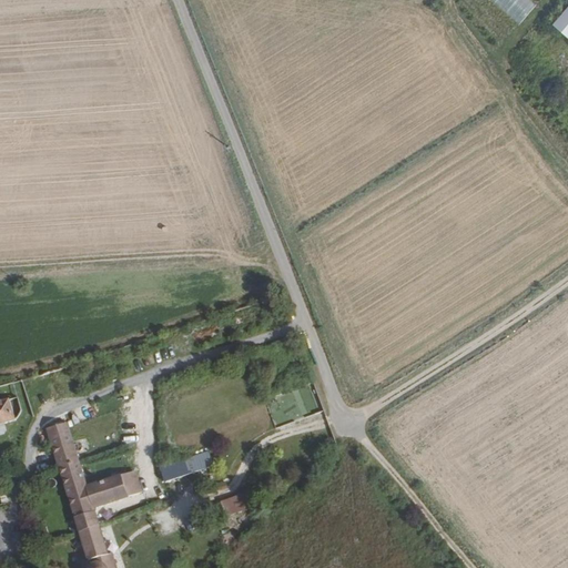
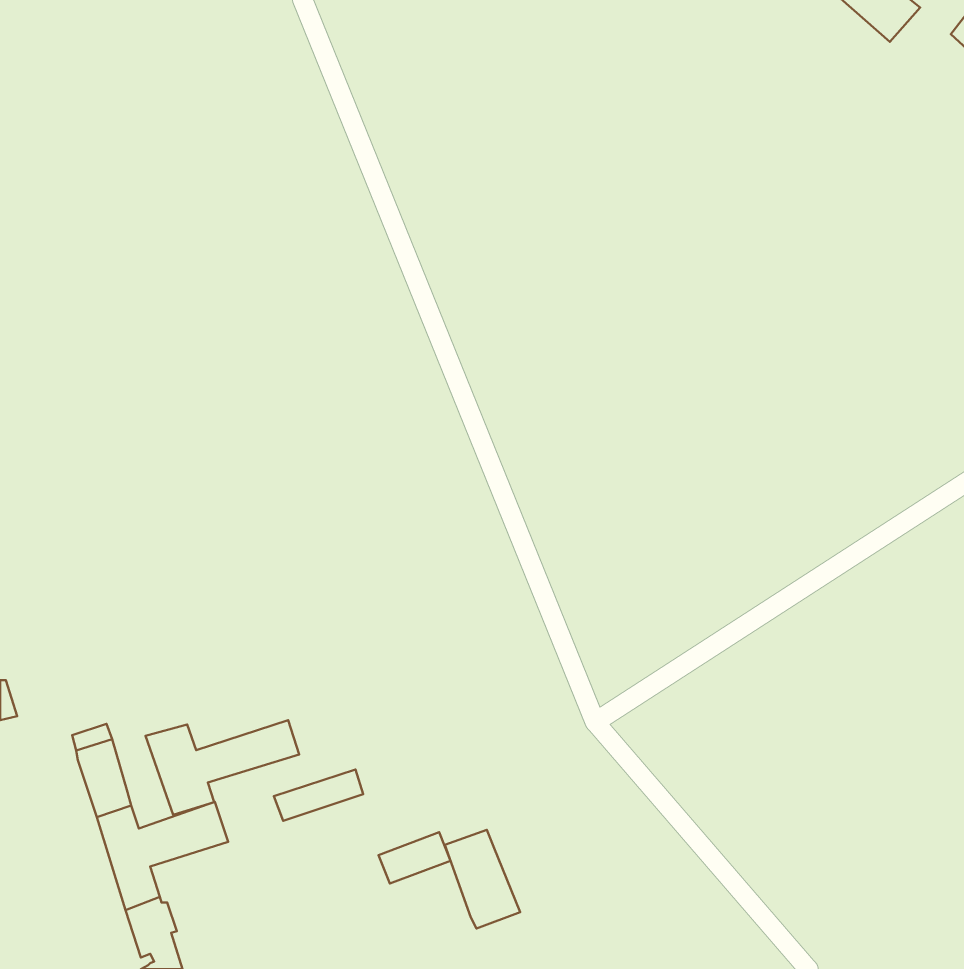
building: none -> [145,720,299,815]
building: none -> [445,830,520,929]

